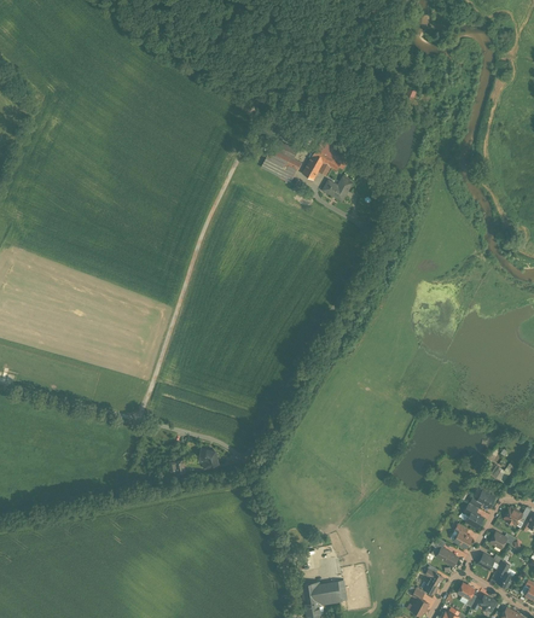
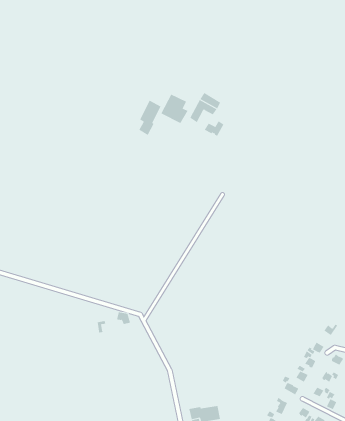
building: none -> [139,100,161,136]

